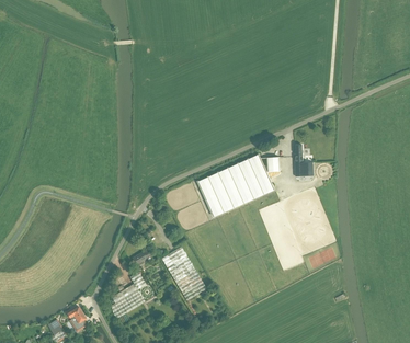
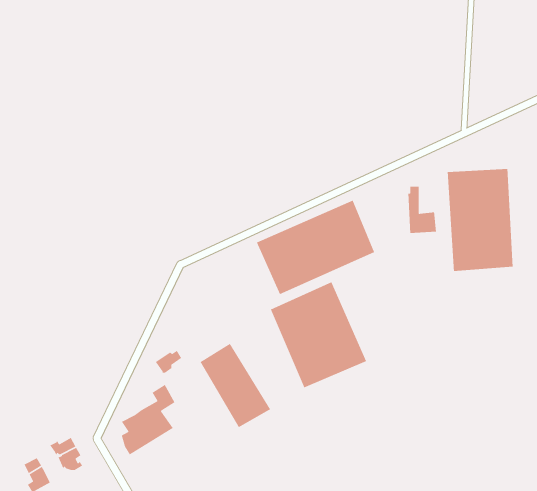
building: none -> [447,168,513,272]
building: none -> [270,281,367,389]

